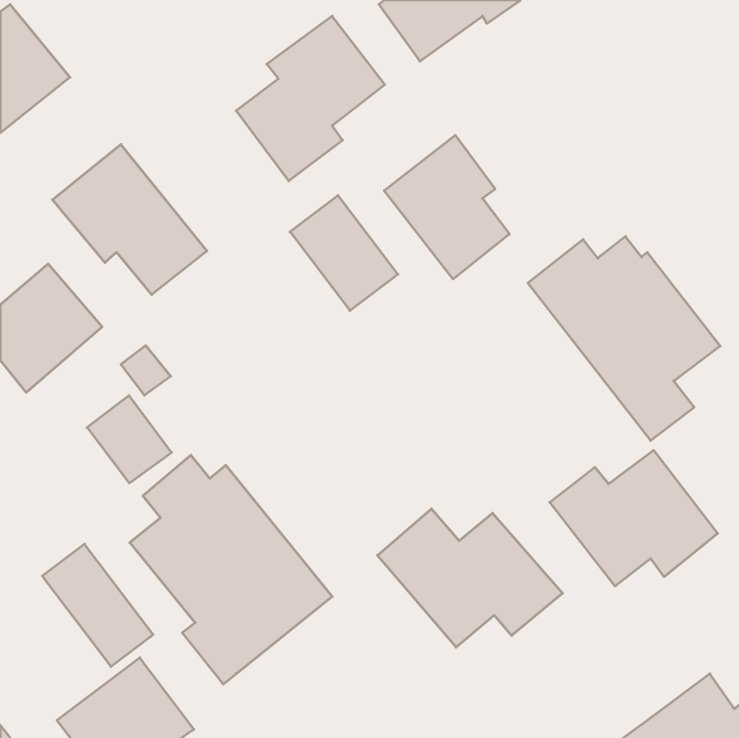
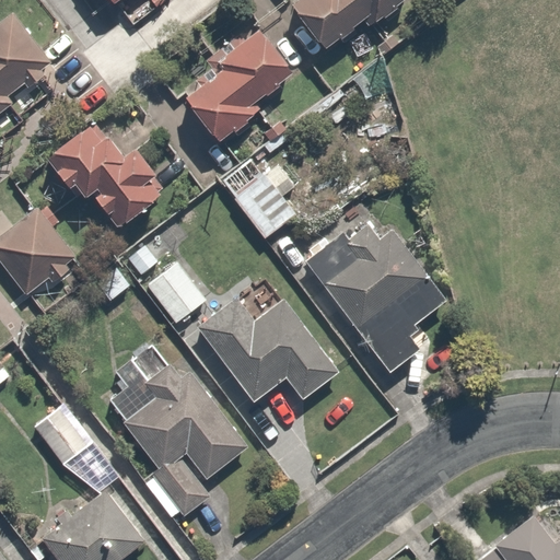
building: [384,135,509,279] -> none
building: [528,236,720,441] -> [298,220,442,373]
building: [87,396,172,483] -> [142,258,206,324]
building: [550,450,718,586] -> none
building: [377,509,563,647] -> [198,299,337,402]

